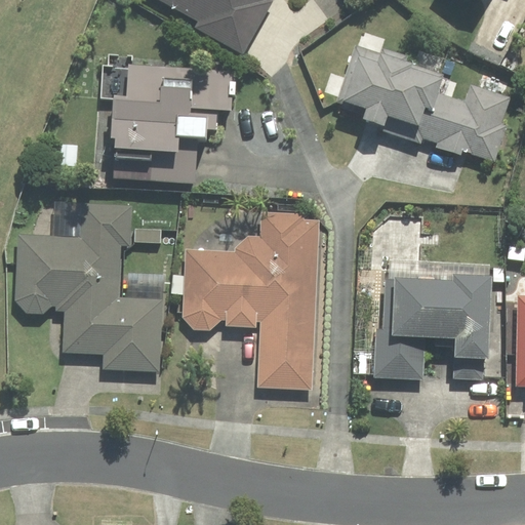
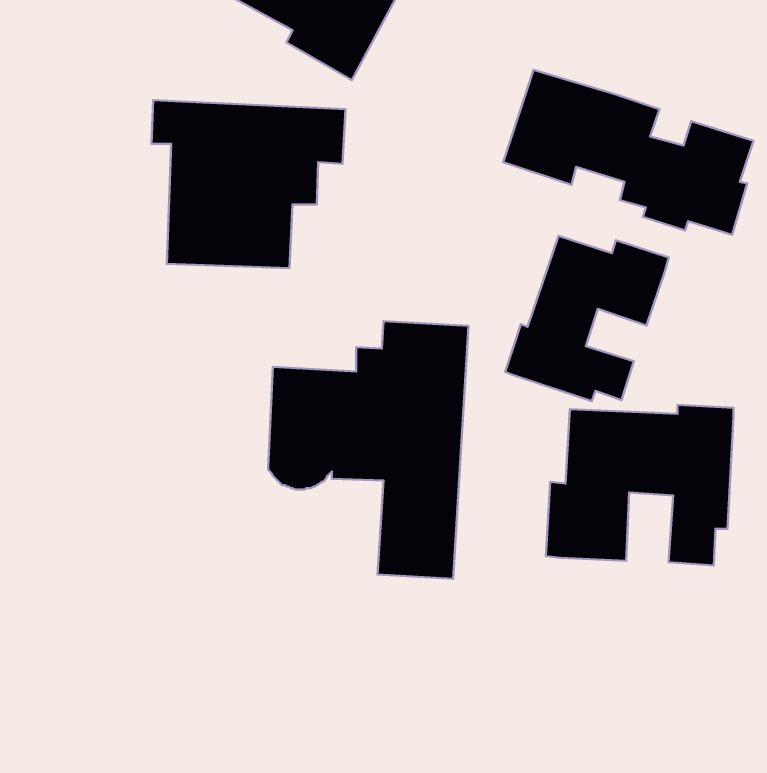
building: none -> [505,236,669,401]
building: [14,202,162,372] -> none

